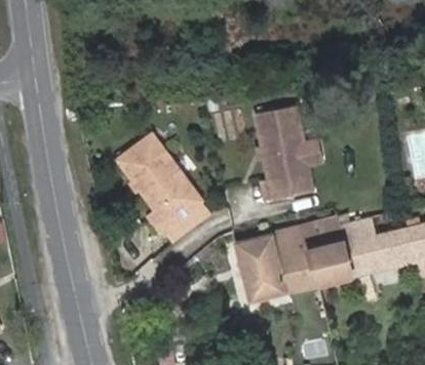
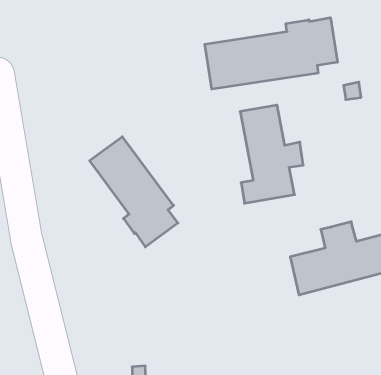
building: none -> [205,18,337,89]
building: [234,219,343,305] -> none

